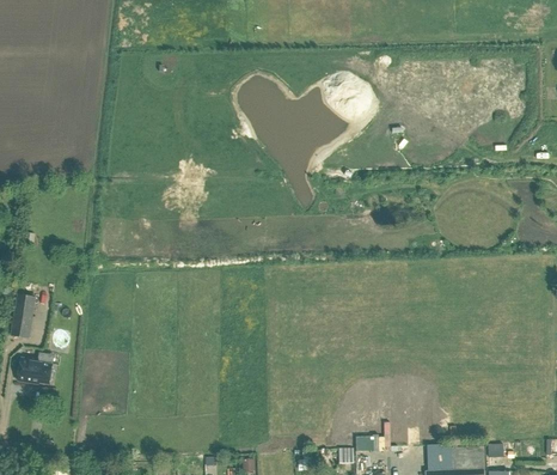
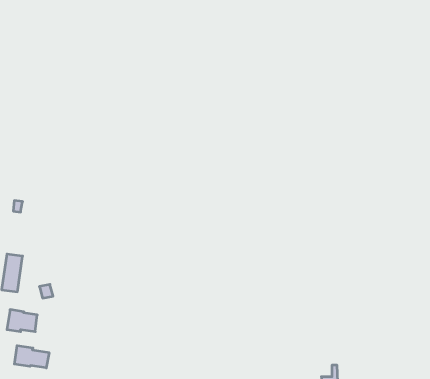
building: none -> [14,346,49,368]

